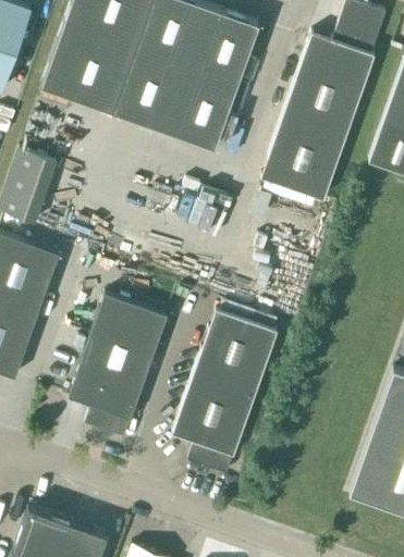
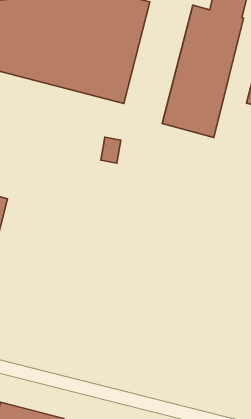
building: [69,294,167,437] -> none
building: [172,301,277,474] -> none

